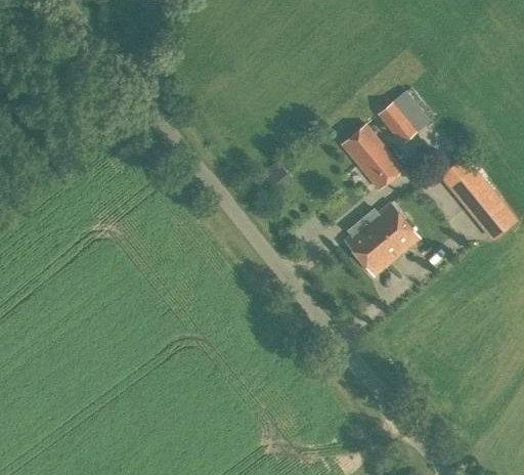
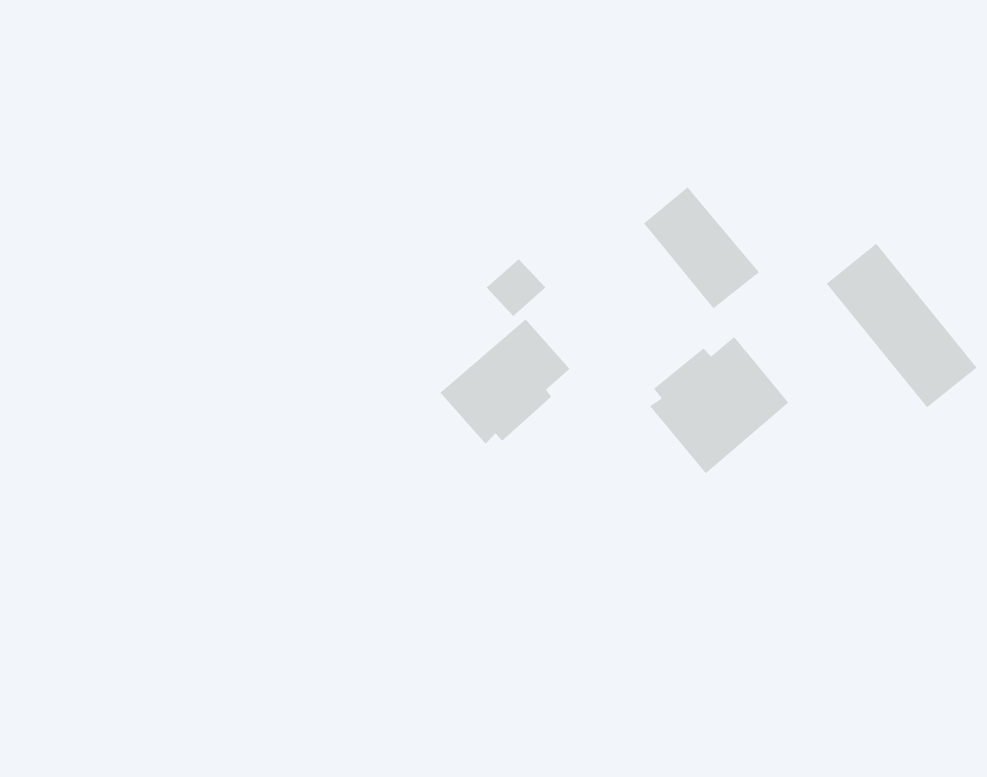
building: [378,92,430,144] -> none
building: none -> [440,319,570,445]

